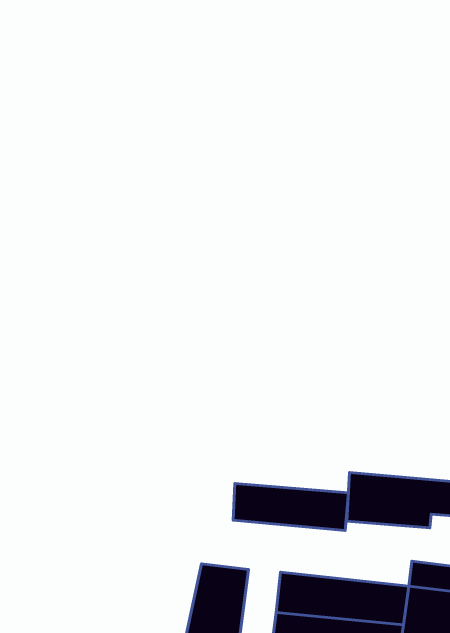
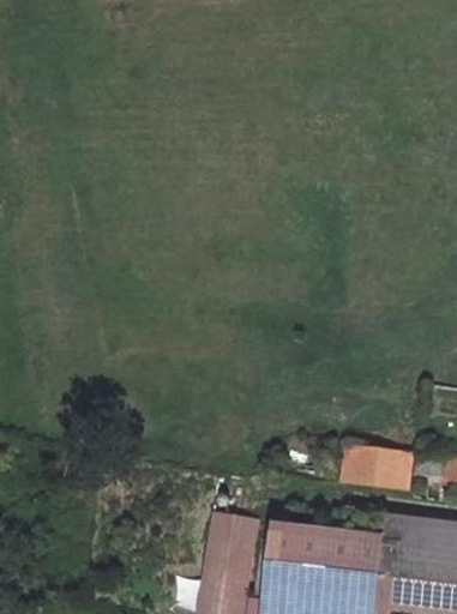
building: [233,483,348,531] -> none

